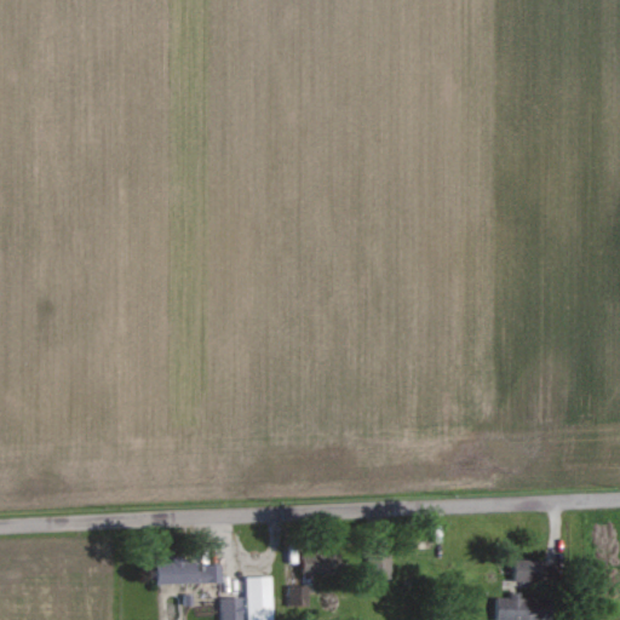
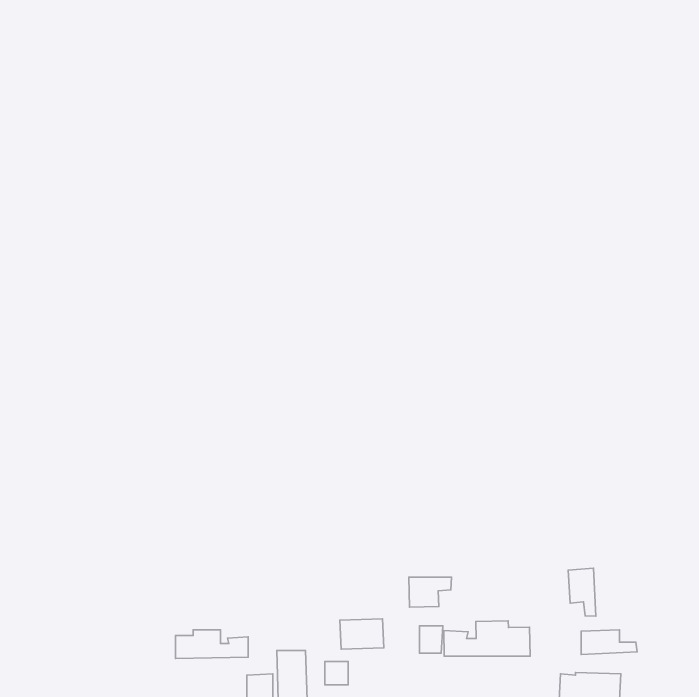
building: none -> [568,568,596,616]
building: none -> [409,577,451,607]
building: none -> [444,621,530,656]

